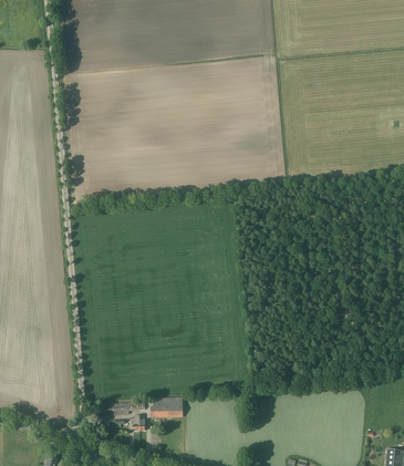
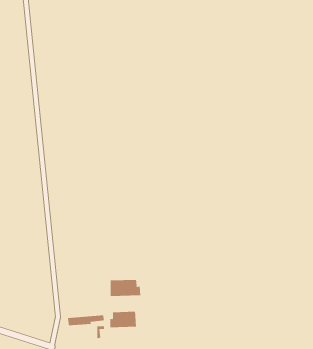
building: none -> [110,279,141,297]

